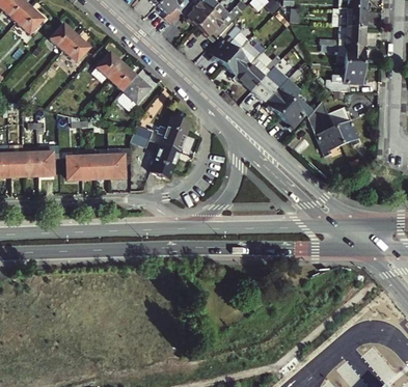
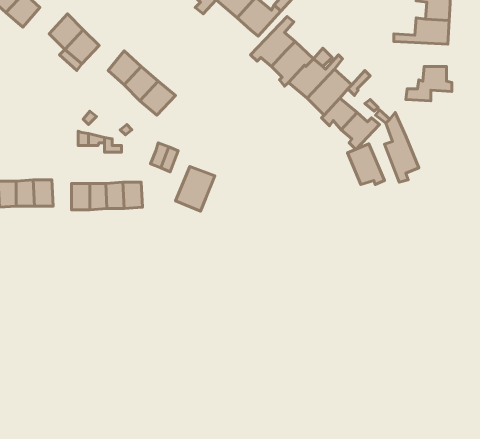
building: [322,45,370,64] -> none
building: [331,112,360,144] -> [348,144,384,185]
building: [161,116,191,150] -> none

